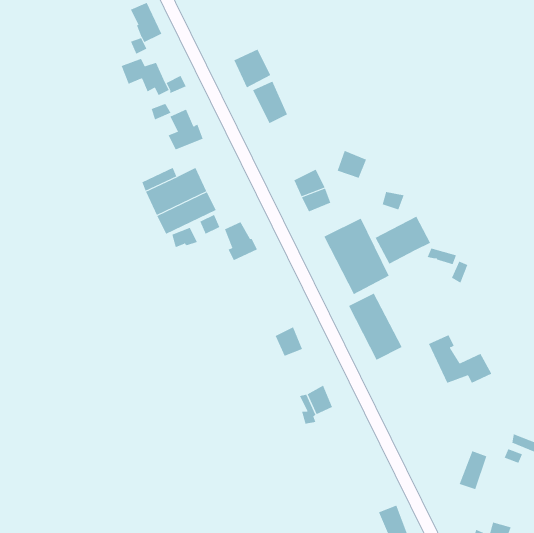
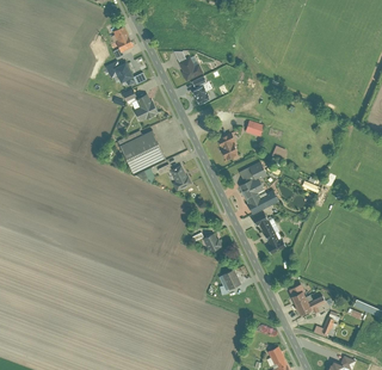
building: [375,216,431,265] -> none
building: [428,335,492,383] -> [288,283,328,314]

